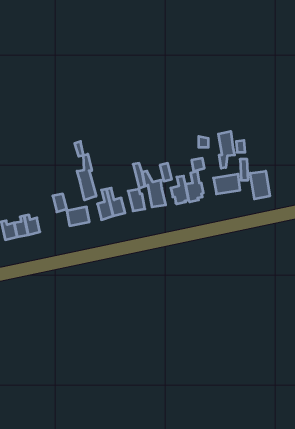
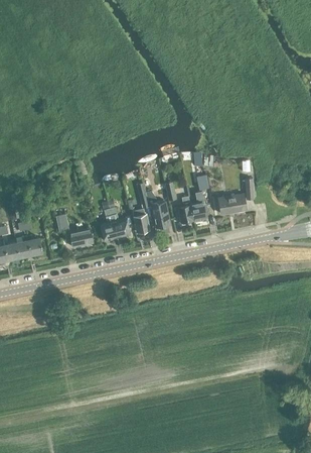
building: [218,131,235,168] -> none
building: [77,154,96,200] -> none
building: [250,171,270,199] -> none

